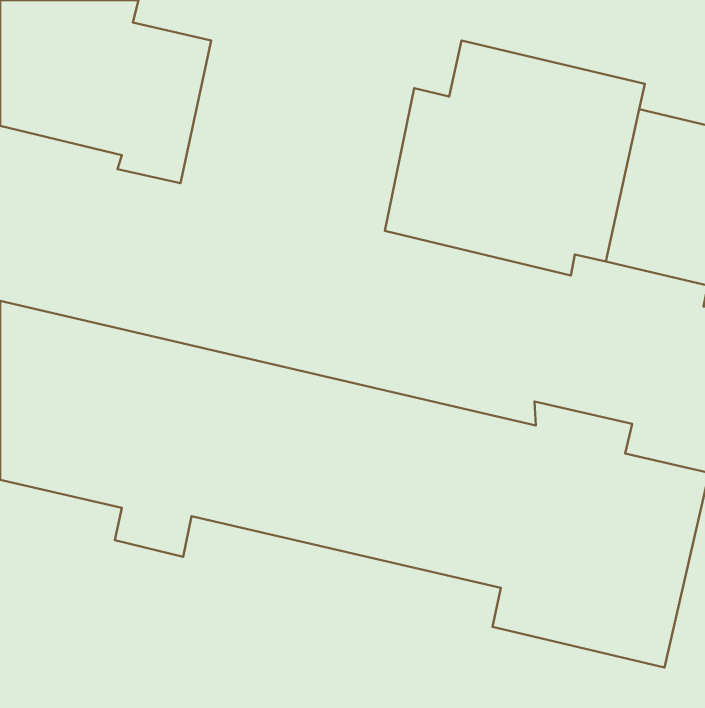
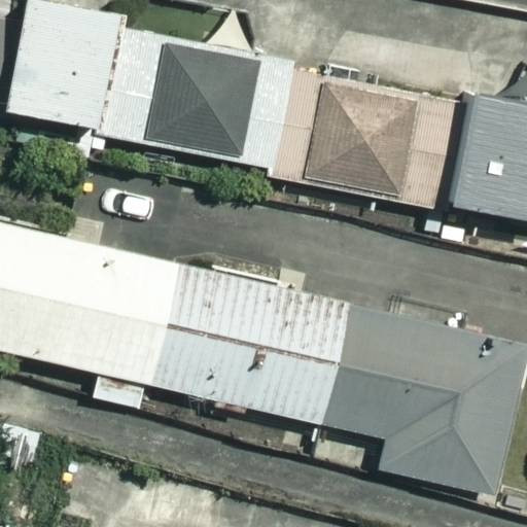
building: none -> [140,35,312,175]

